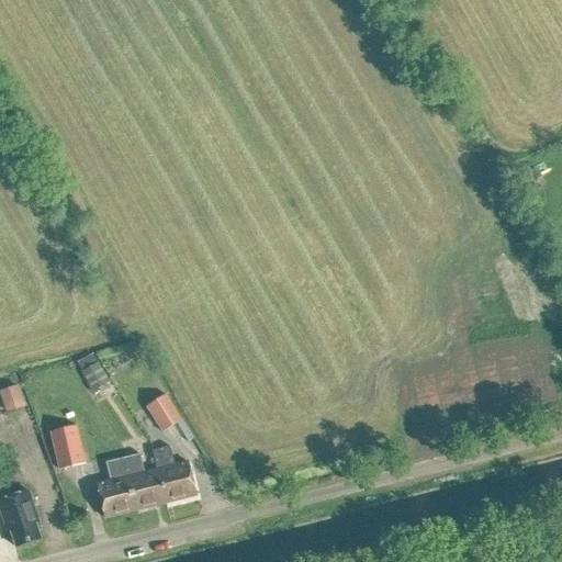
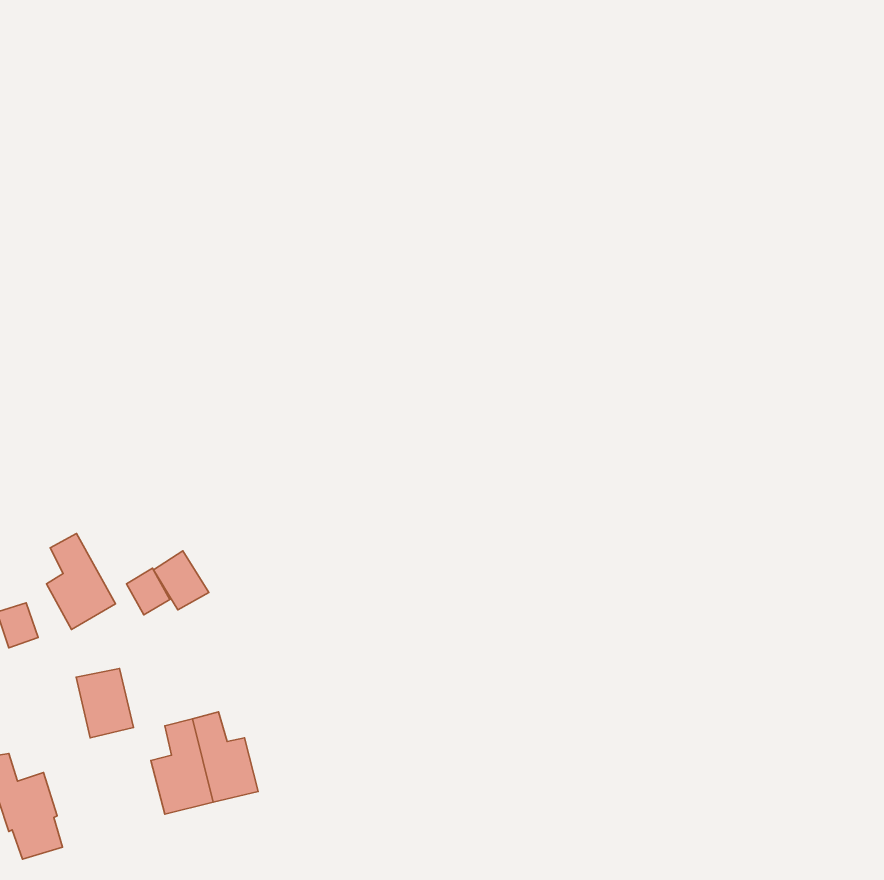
building: none -> [46,534,116,629]
building: [145,392,180,429] -> [153,551,209,610]
building: [150,445,194,502] -> none

